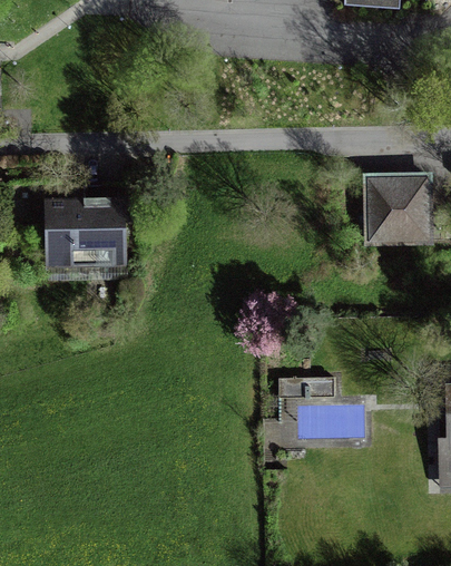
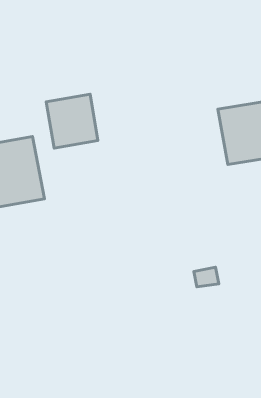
building: none -> [46,94,98,148]

